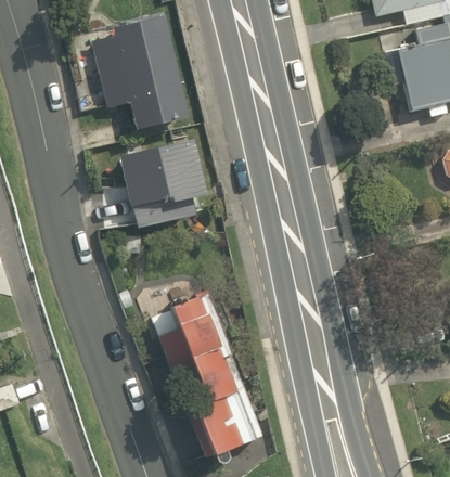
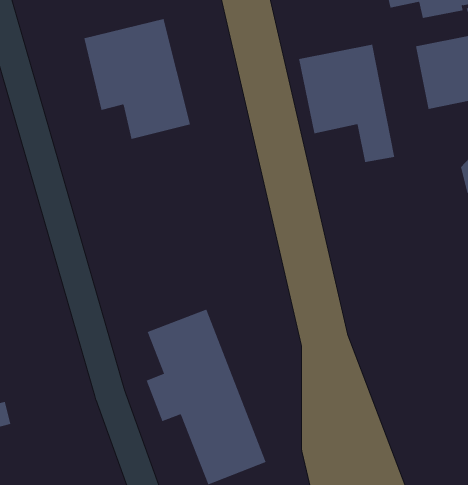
building: none -> [299,44,395,163]
building: [115,145,201,231] -> none

